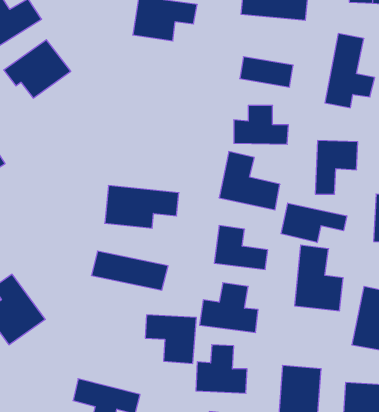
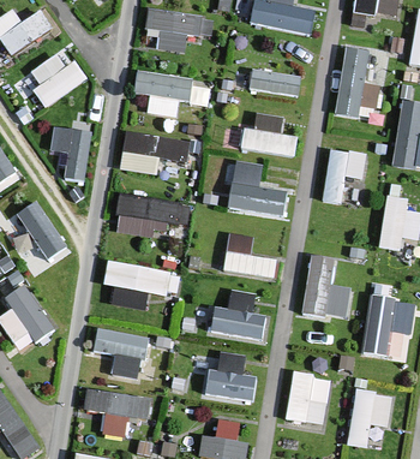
building: none -> [134,71,208,115]
building: none -> [50,127,89,179]
building: none -> [120,130,192,175]
building: none -> [17,201,67,261]
building: [281,203,347,243] -> none
building: [145,315,196,364] -> [95,329,145,377]

